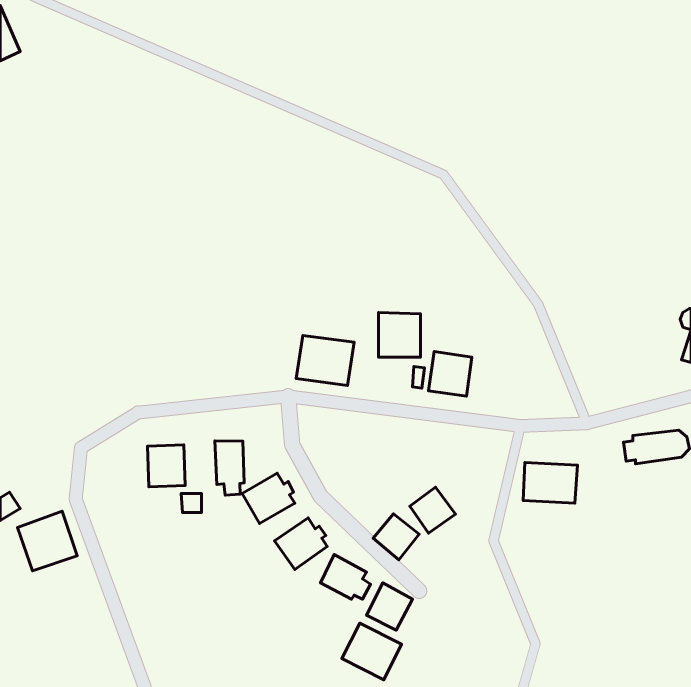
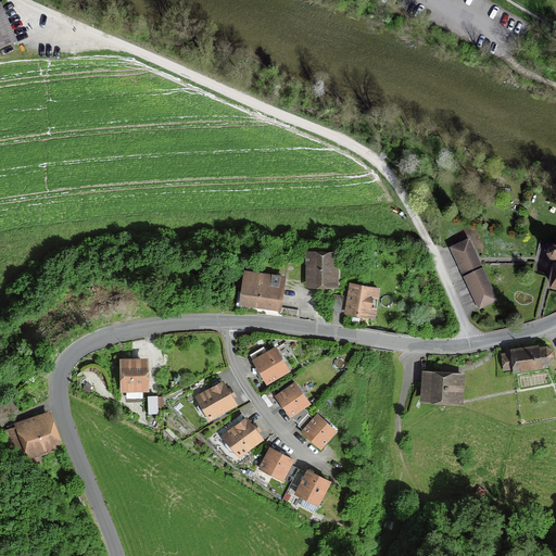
building: none -> [448,237,498,309]
building: none -> [250,344,290,382]
building: [215,441,244,495] -> none
building: [410,487,456,533] -> [274,380,311,417]
building: [342,623,402,680] -> none

